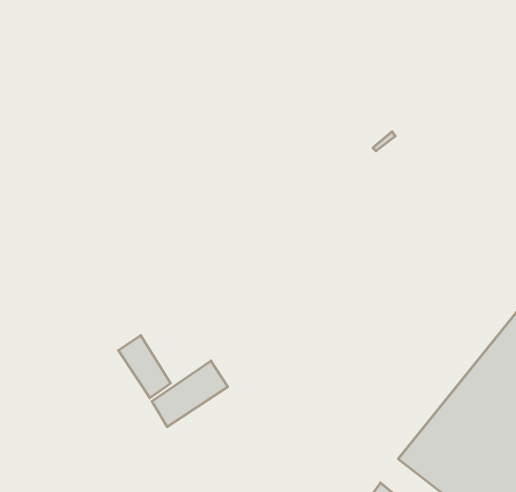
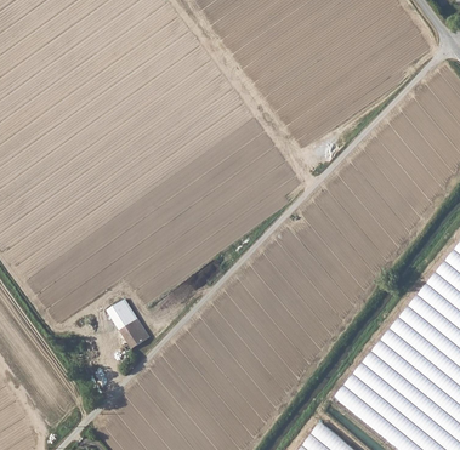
building: [152,361,228,427] -> none

